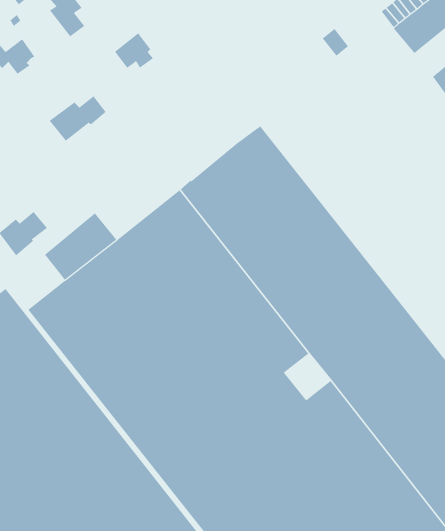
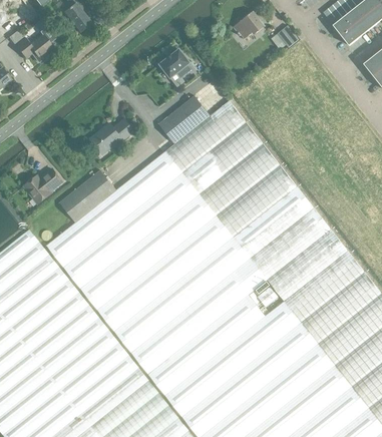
building: none -> [234,12,266,40]
building: [114,33,154,68] -> [160,50,192,78]
building: [49,95,107,141] -> [90,119,135,155]
building: none -> [159,96,211,145]
building: none -> [249,281,285,317]

